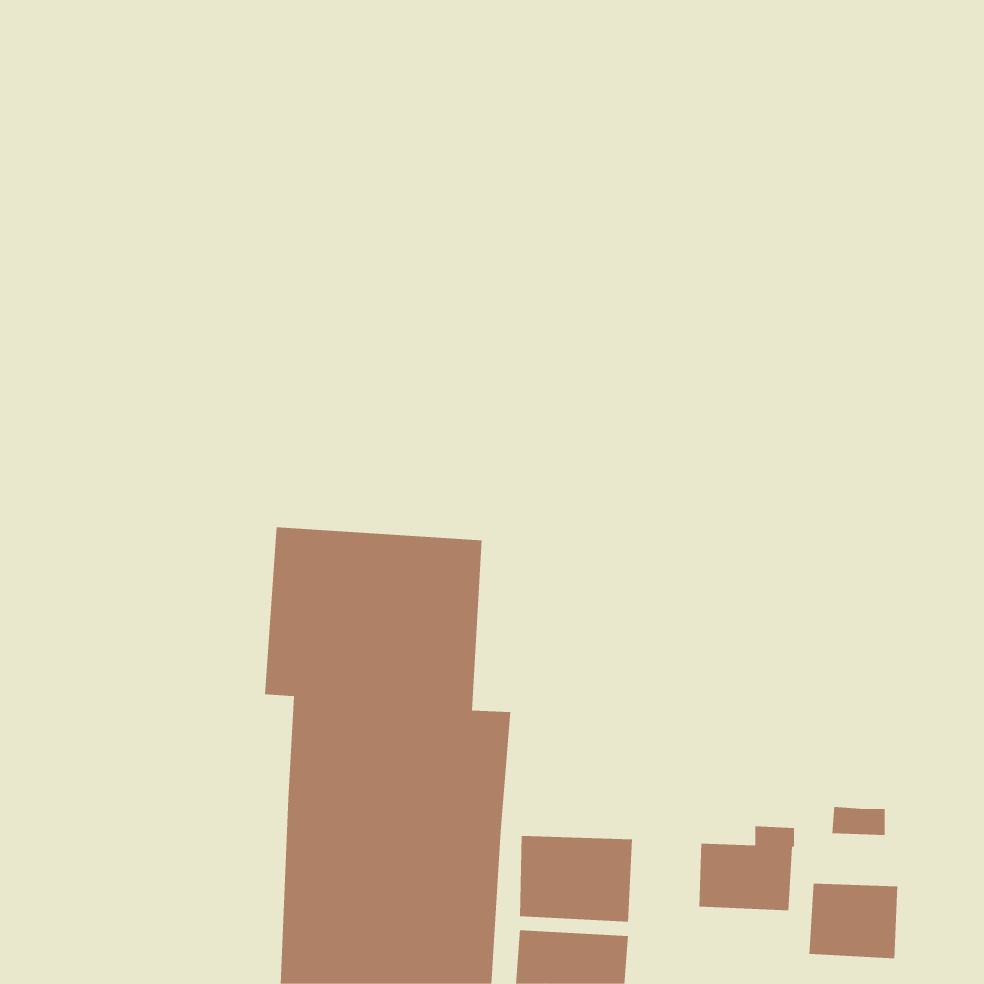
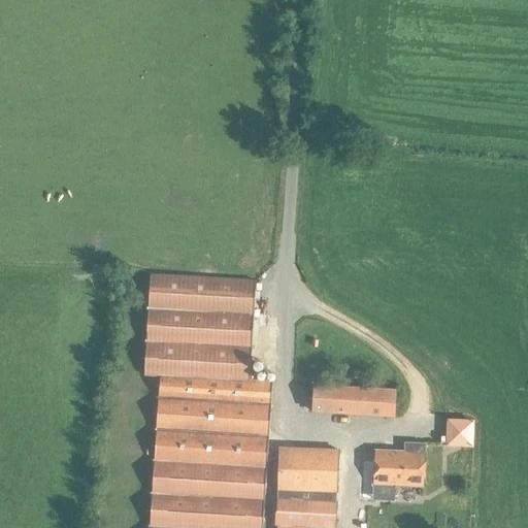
building: none -> [310,383,396,418]
building: [809,883,898,959] -> none

